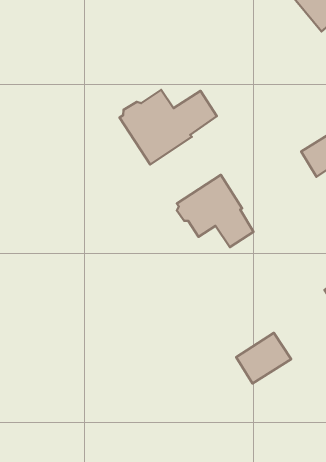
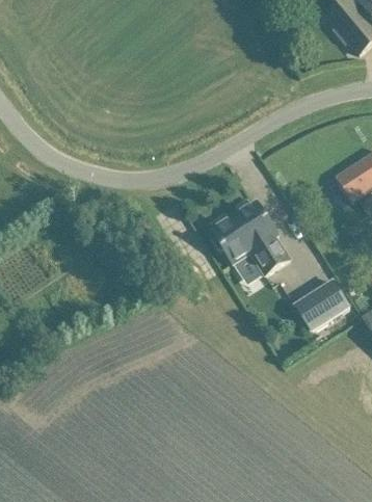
building: [119,90,217,164] -> none
building: [236,333,291,384] -> [294,278,350,329]

